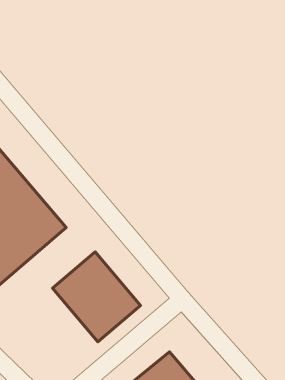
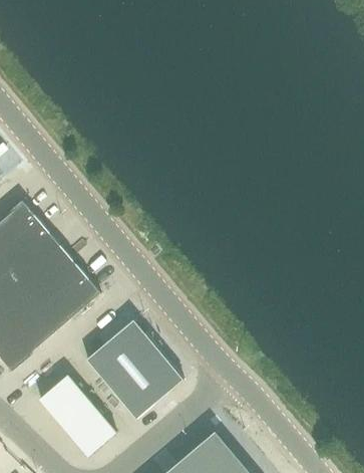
building: none -> [40,376,116,457]

